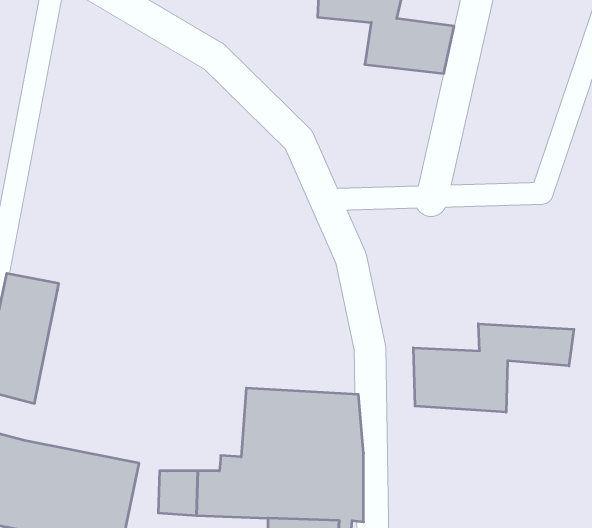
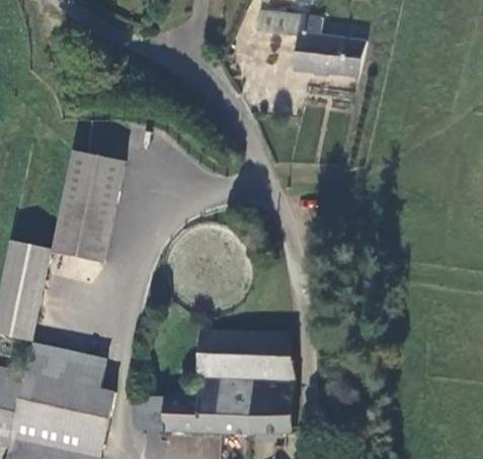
building: none -> [50,148,124,262]
building: [413,324,574,412] -> none
building: none -> [23,343,104,386]

